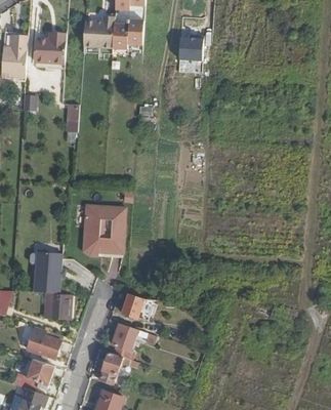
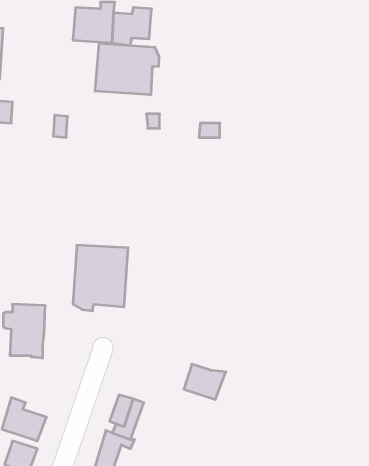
building: [33,35,66,71] -> none
building: [178,37,203,61] -> none
building: none -> [95,43,159,95]
building: [48,294,72,321] -> none
building: [122,294,155,322] -> [184,364,226,400]

